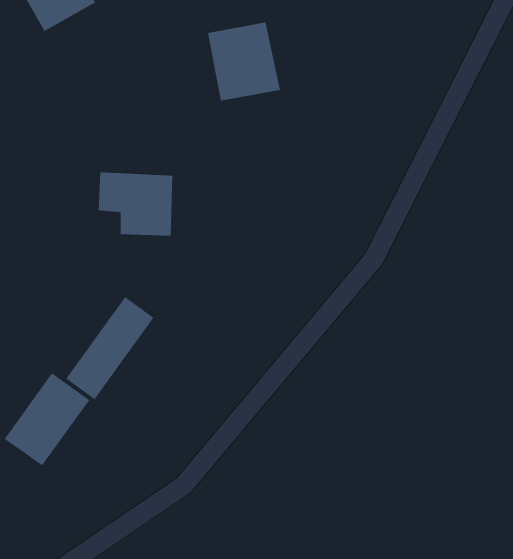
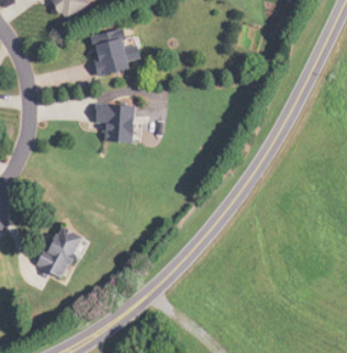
building: [207,22,281,101] -> [91,29,135,76]
building: [65,296,154,400] -> none

